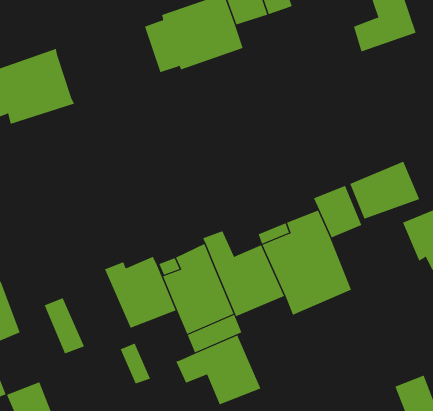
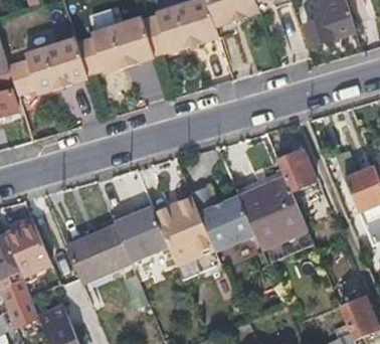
building: none -> [77,20,157,81]
building: [350,161,420,219] -> none
building: none -> [81,221,134,275]
building: [176,335,261,405] -> none

